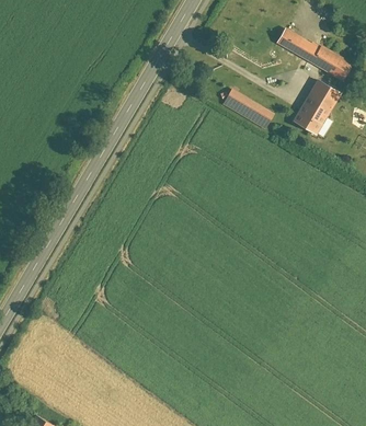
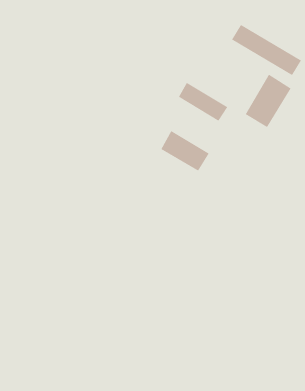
building: none -> [161,130,209,172]

